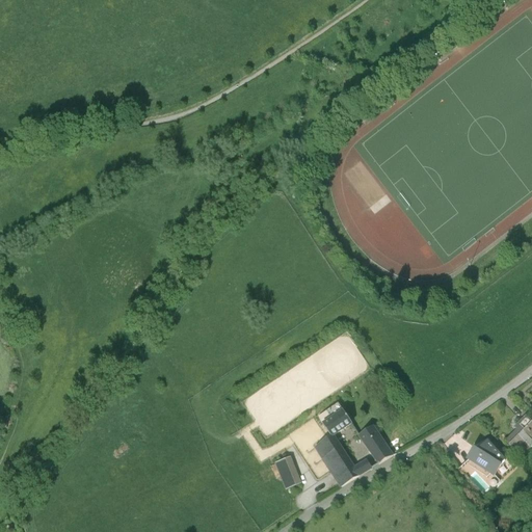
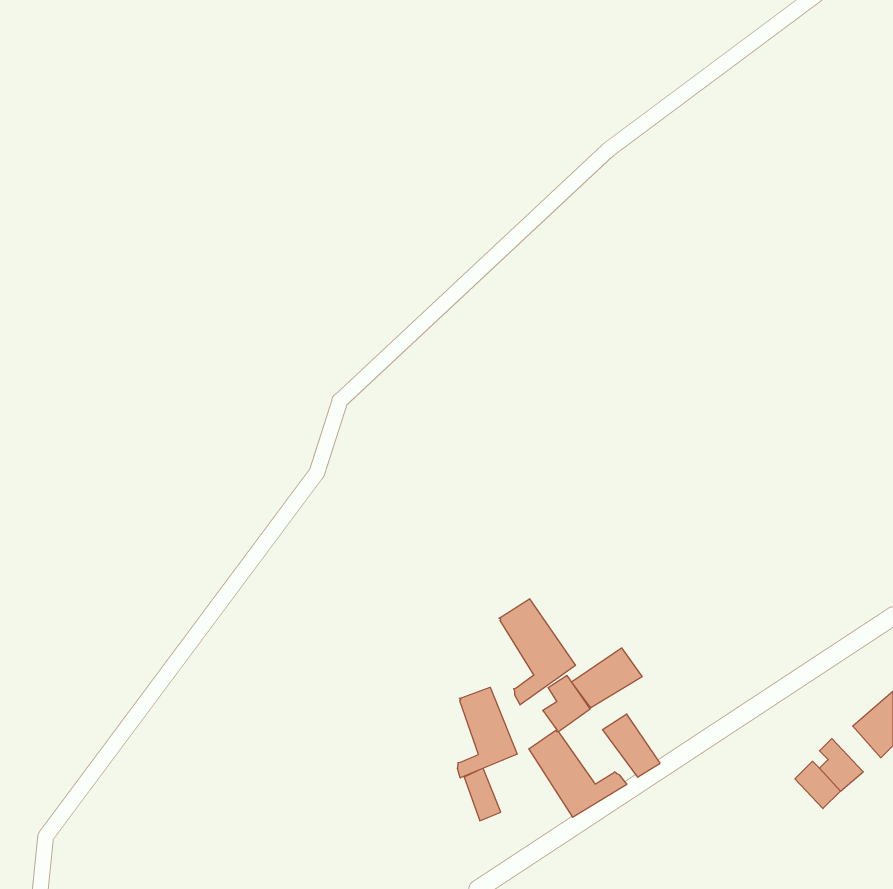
building: none -> [499,599,575,705]
building: none -> [572,648,642,708]
building: none -> [458,687,517,778]

